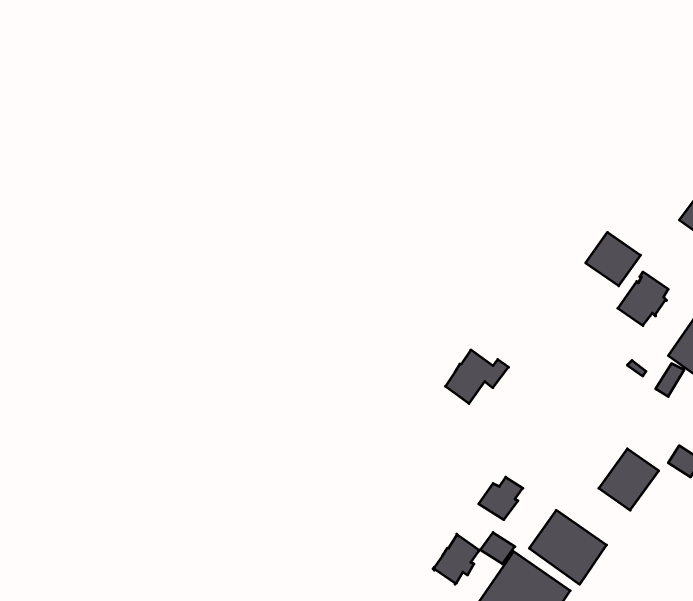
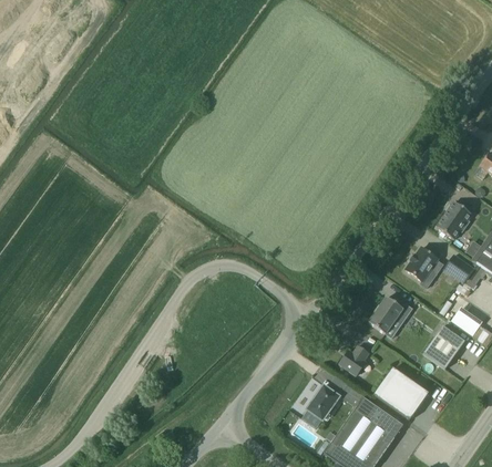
building: [586,232,641,286] -> none
building: none -> [407,247,438,280]
building: [445,350,509,404] -> [369,295,413,333]

